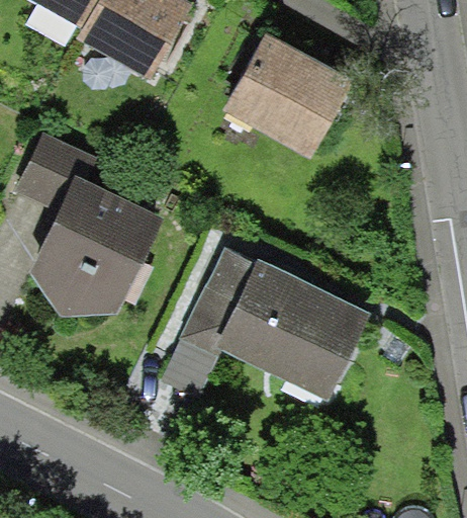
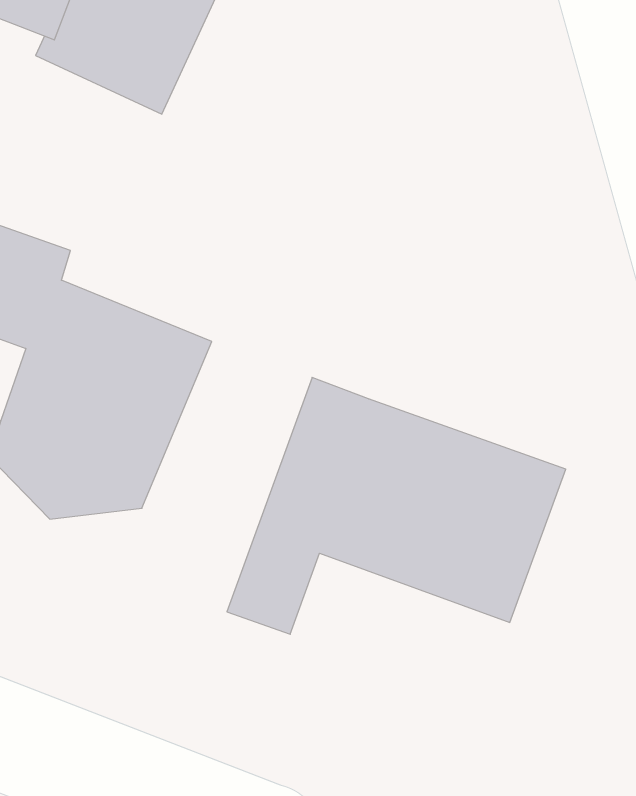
building: [220,34,354,161] -> none

